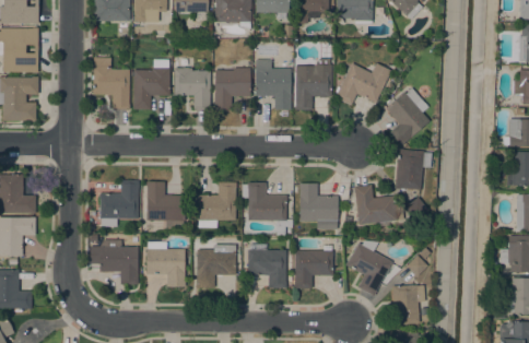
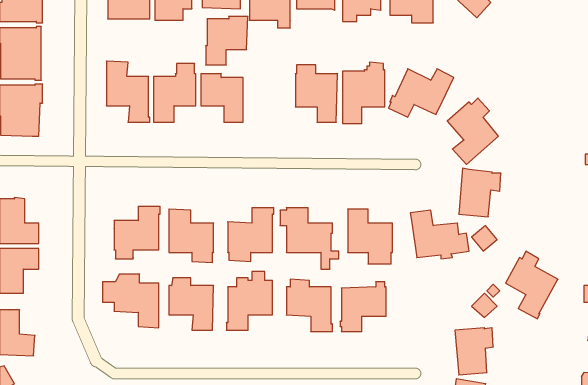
building: [214,68,250,109] -> [206,16,248,65]
building: [346,238,391,296] -> [506,251,558,319]

